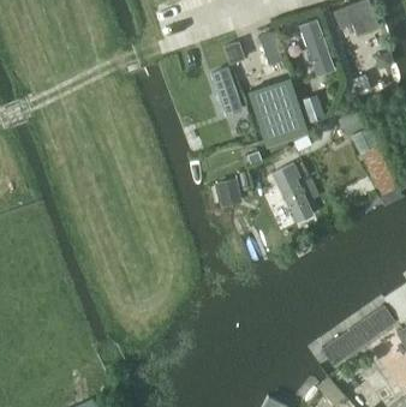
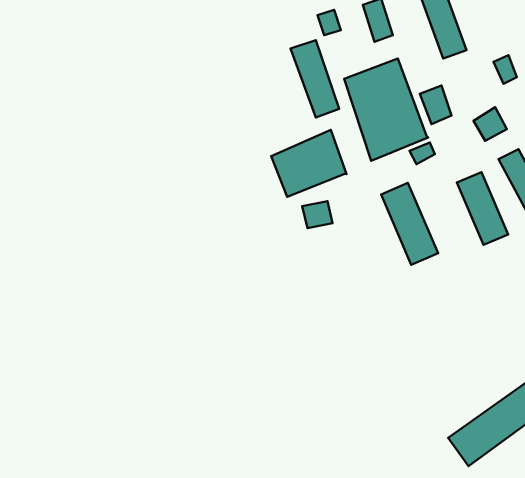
building: none -> [271,130,347,197]
building: none -> [457,172,508,245]

